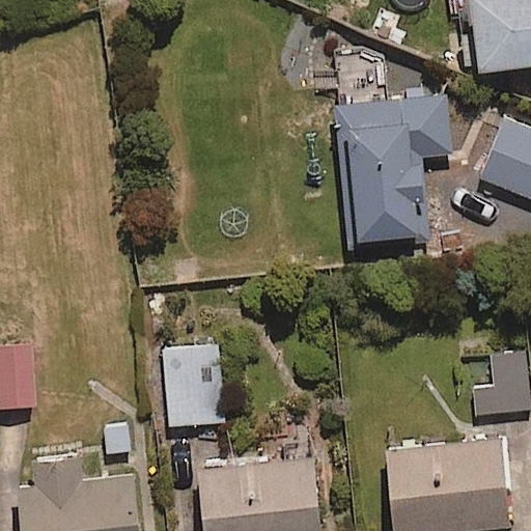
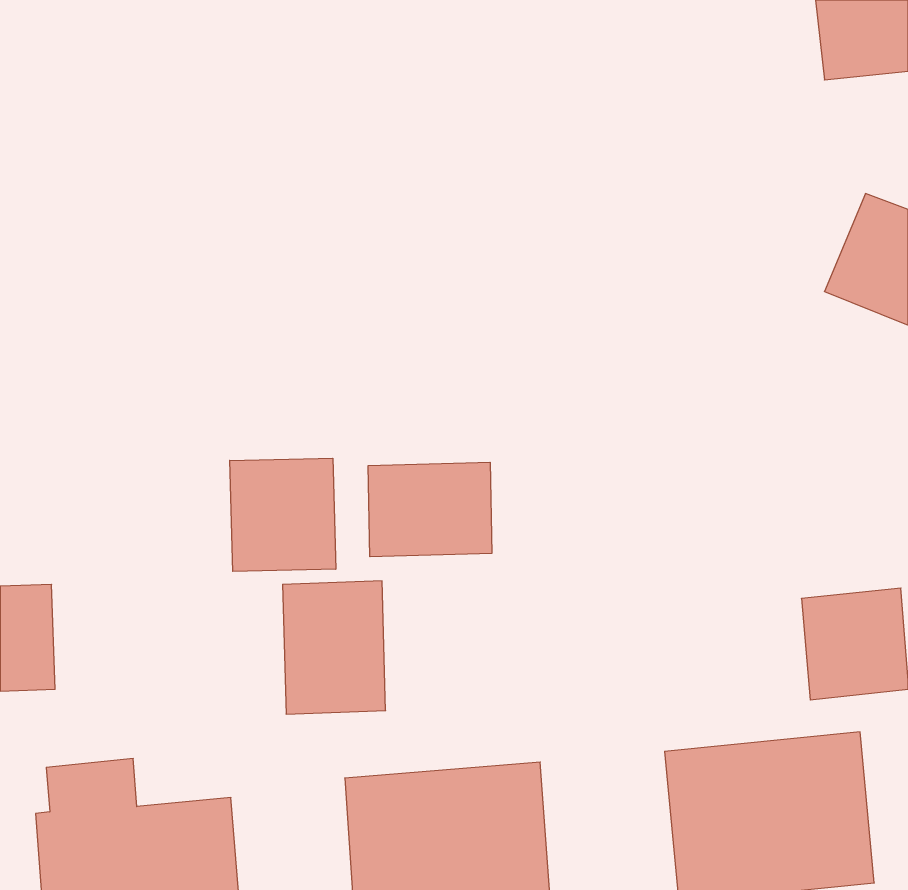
building: [315,52,451,248] -> none
building: none -> [230,458,336,571]
building: none -> [368,462,492,557]

